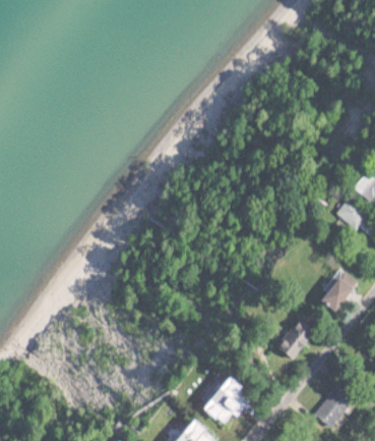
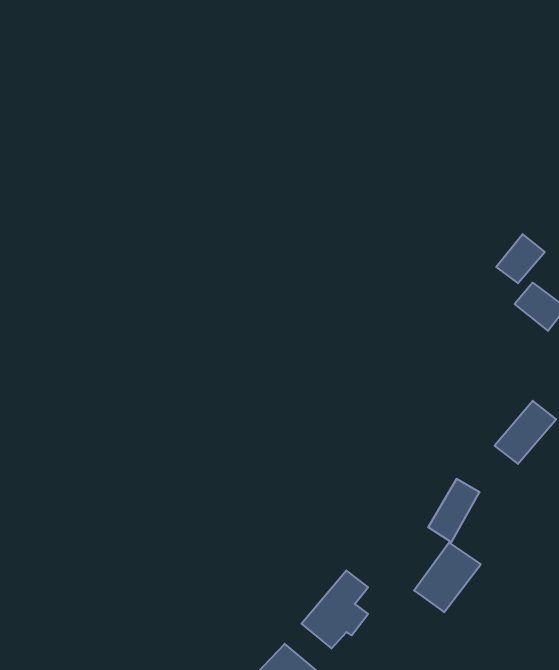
building: none -> [496,234,545,283]
building: [310,385,351,428] -> [414,542,481,612]

